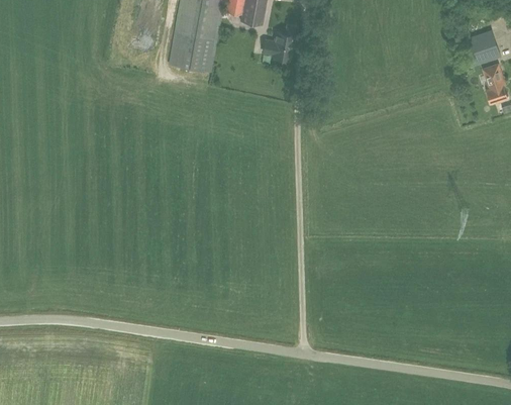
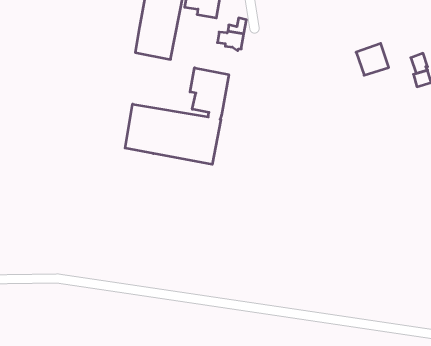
building: [464,30,501,67] -> [356,43,389,75]
building: none -> [125,68,229,164]

